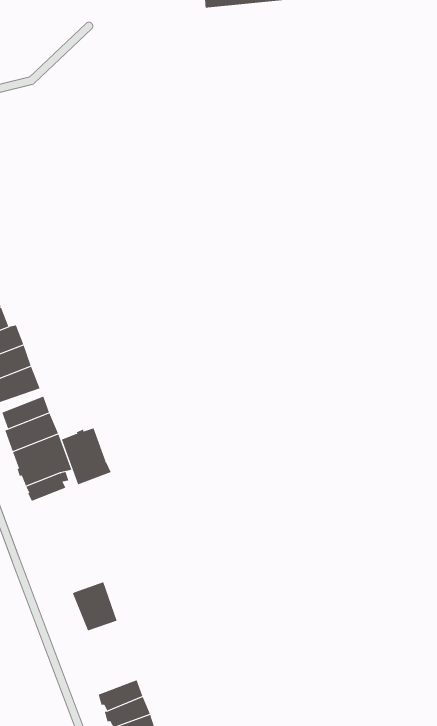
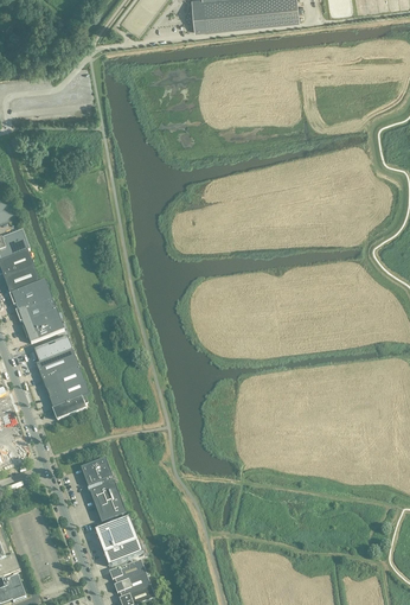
building: [61,427,112,485] -> none
building: none -> [81,458,114,490]
building: none -> [94,516,142,566]

